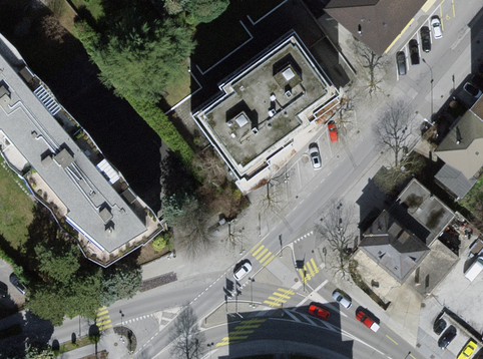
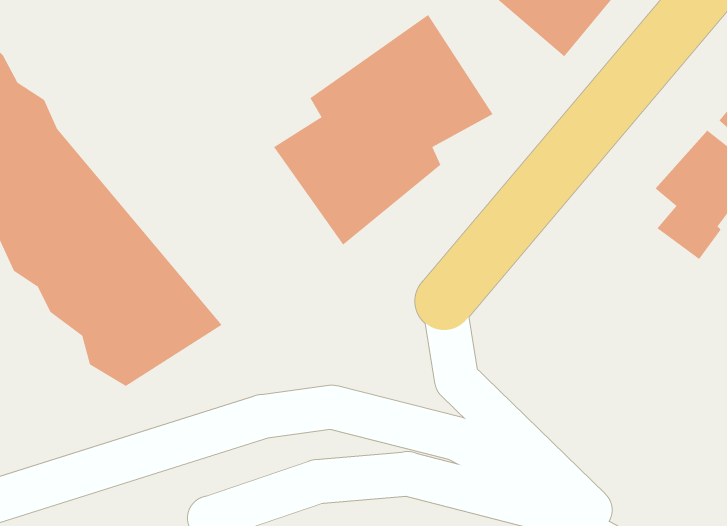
building: [359,173,461,293] -> none

